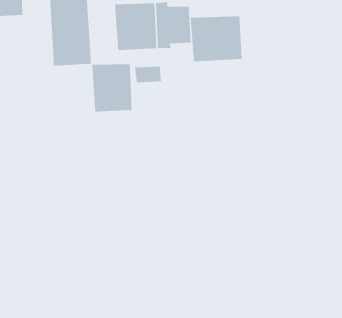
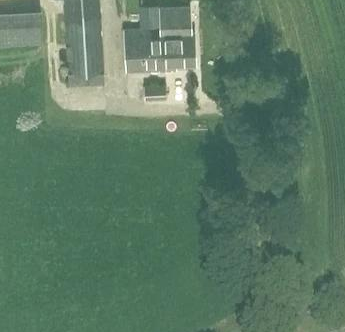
building: [190,15,242,62] -> none
building: [92,63,132,113] -> none

